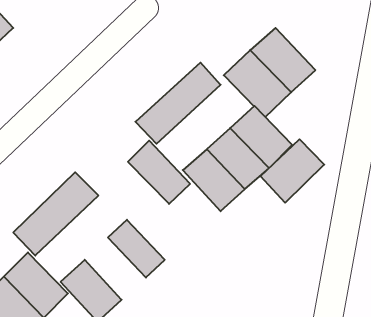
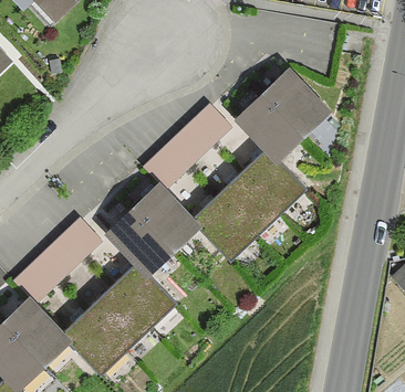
building: [260,139,324,203] -> none
building: none -> [104,203,178,277]
building: none -> [90,283,154,348]

